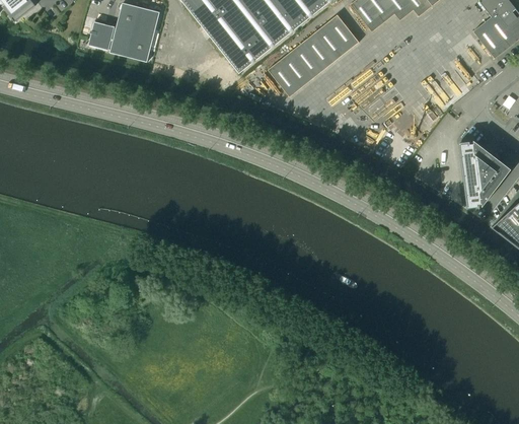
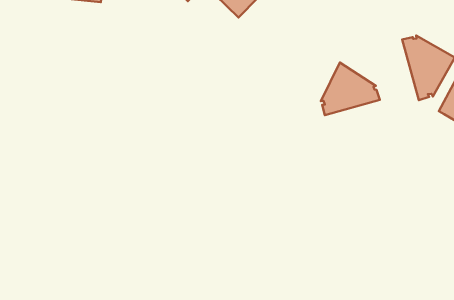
building: none -> [321,63,380,115]

